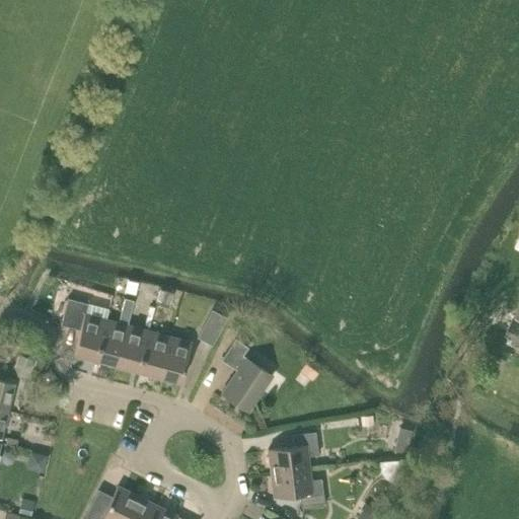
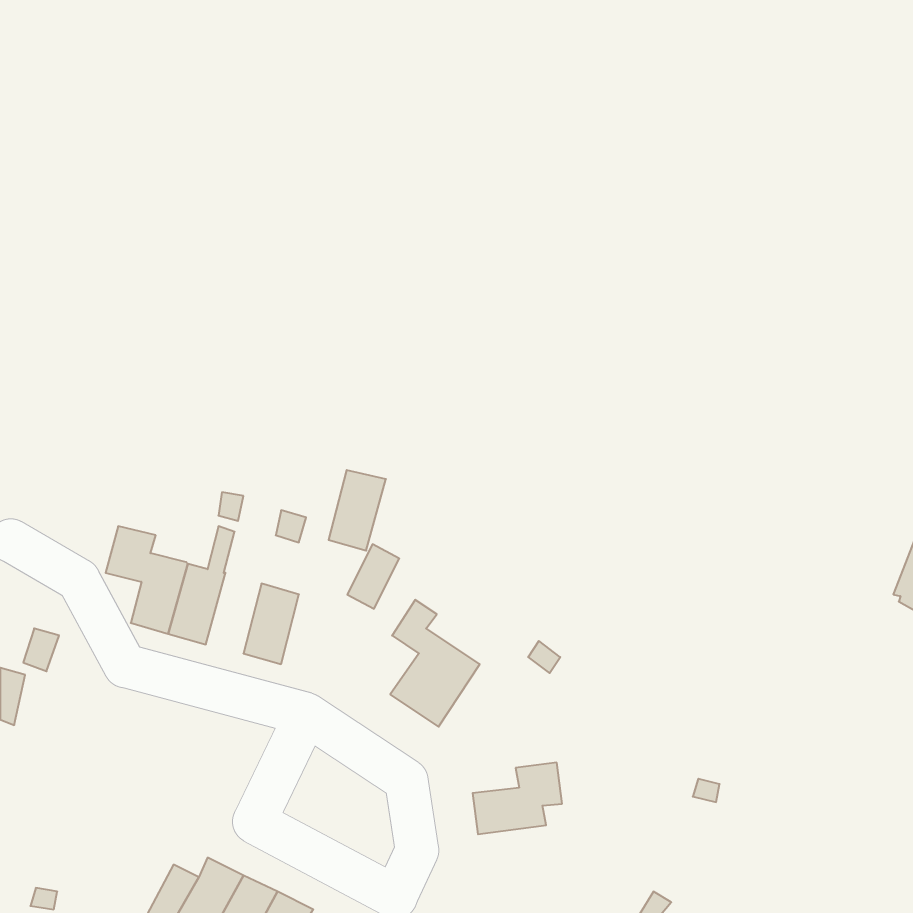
building: [118,325,149,371] -> none
building: [160,338,193,383] -> [329,470,386,551]
building: [272,468,325,510] -> none

